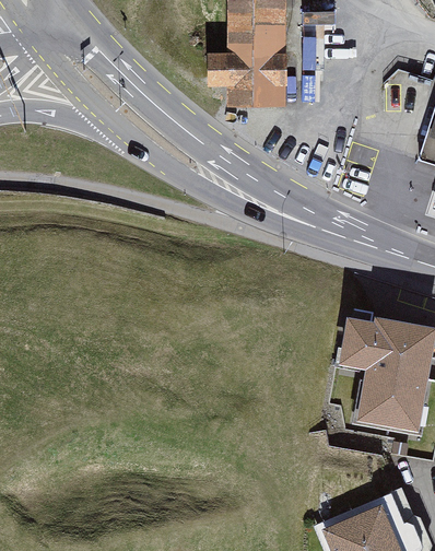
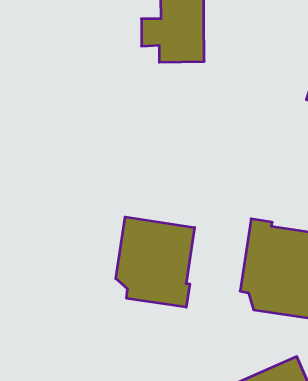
building: none -> [116,217,195,307]

